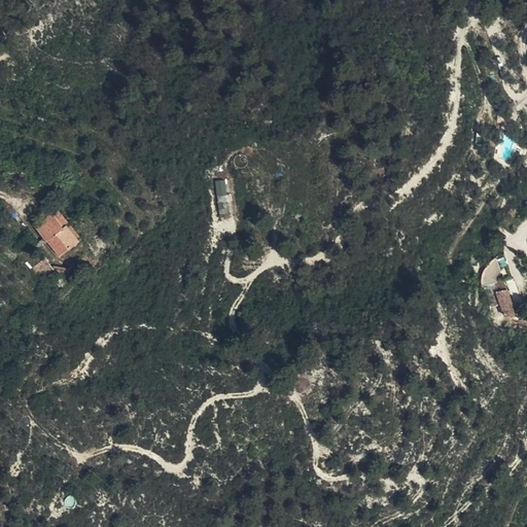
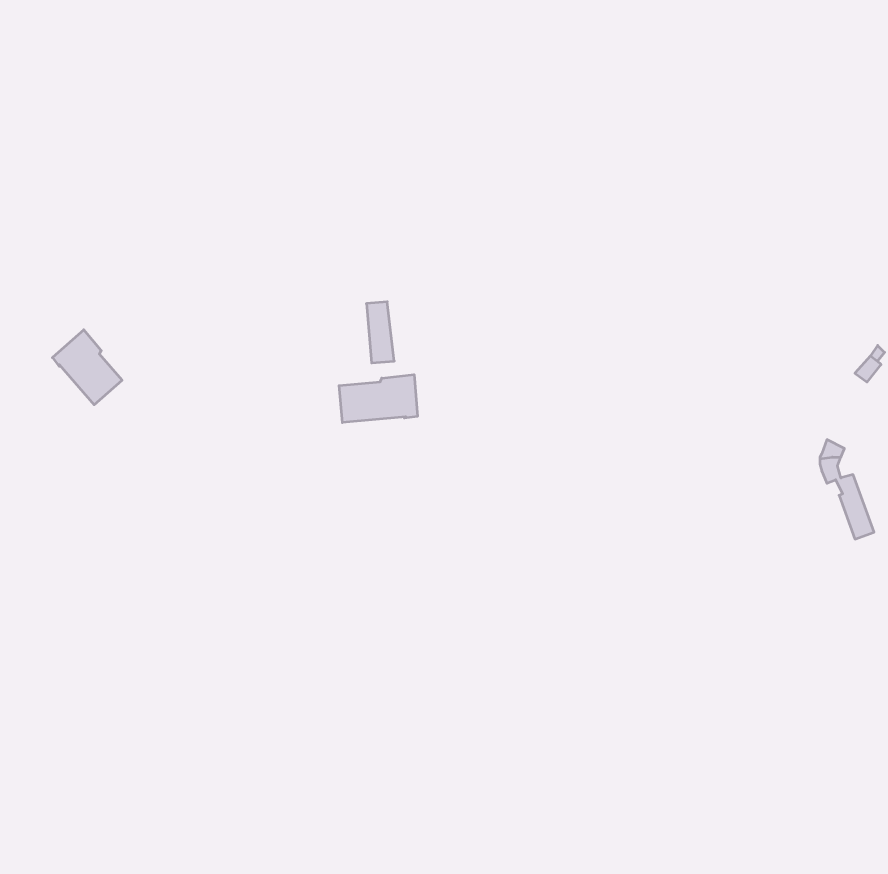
building: none -> [339,375,417,423]

